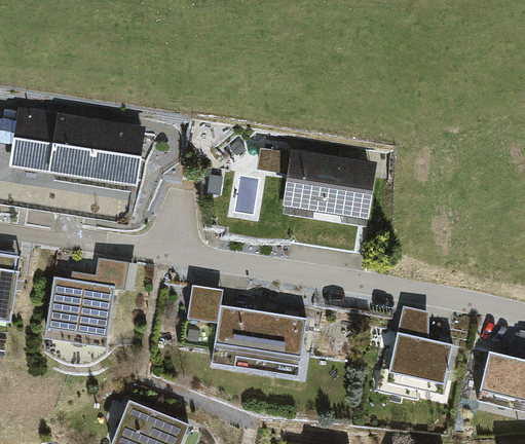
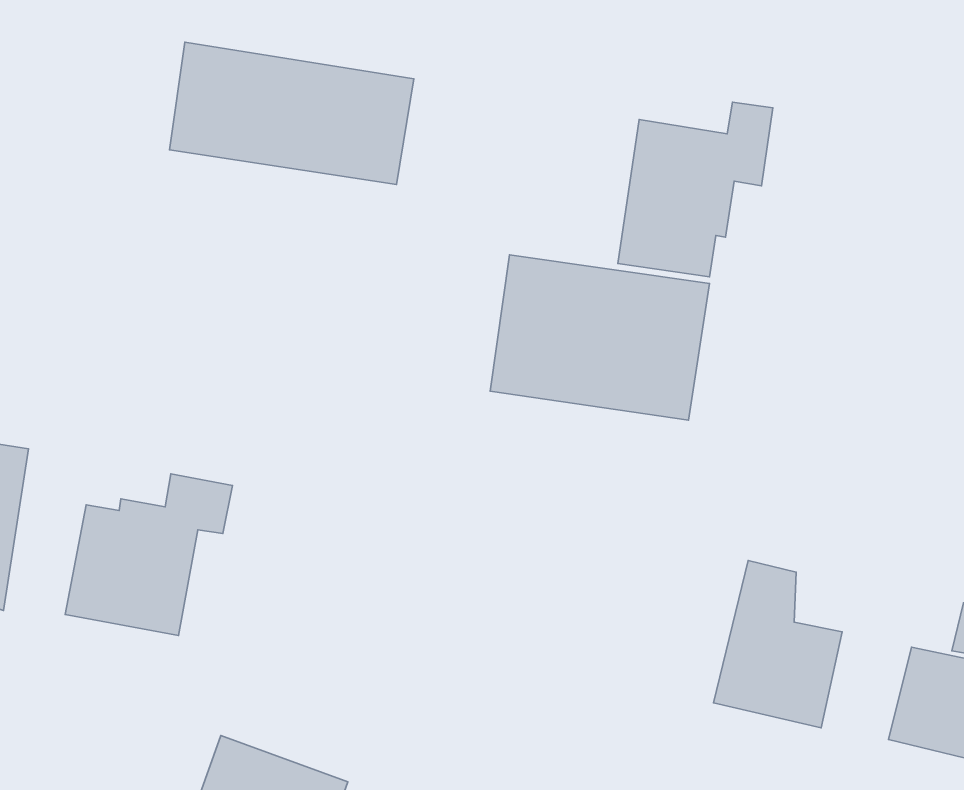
building: none -> [618,102,773,277]
building: [10,111,141,187] -> [170,42,414,185]
building: [185,285,305,375] -> none

